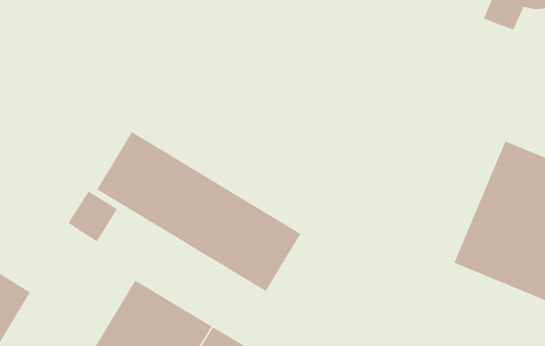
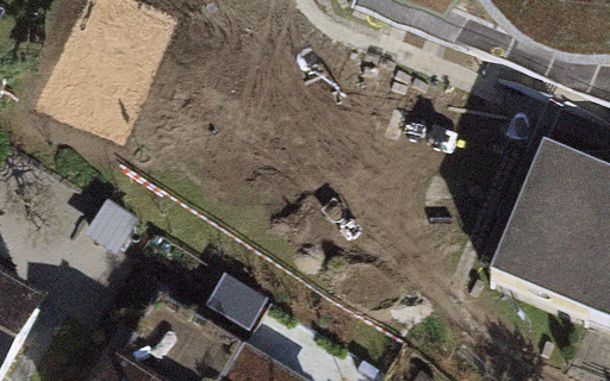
building: [96,131,301,292] -> none

